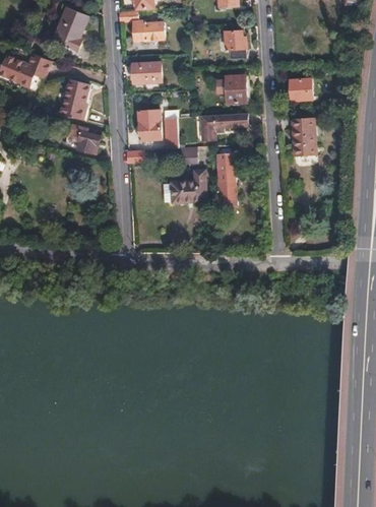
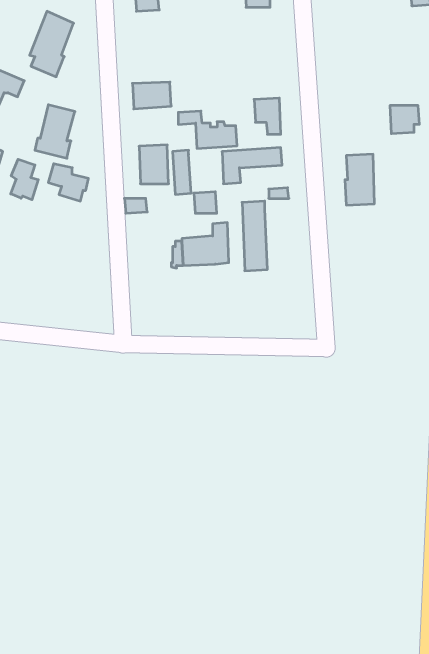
building: [120,12,165,41] -> [178,111,237,148]
building: [224,31,246,58] -> none
building: [290,79,312,101] -> [390,106,419,134]
building: none -> [11,159,38,200]

